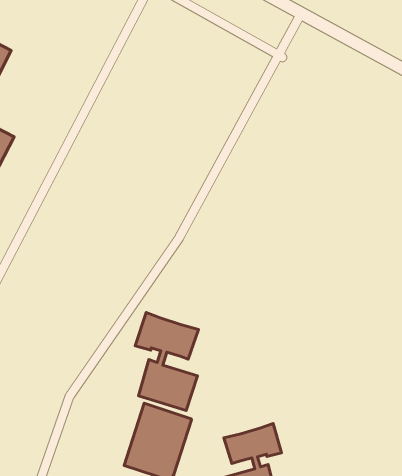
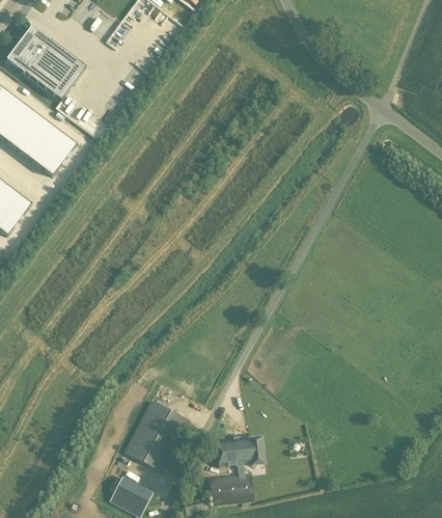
building: [135,312,198,411] -> none

